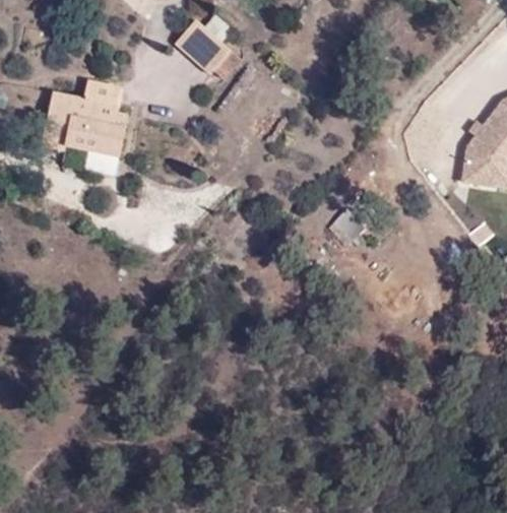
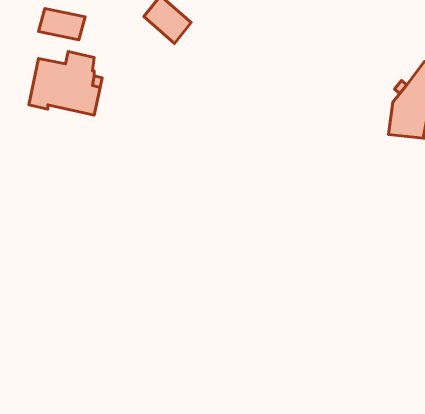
building: none -> [38,9,85,40]

